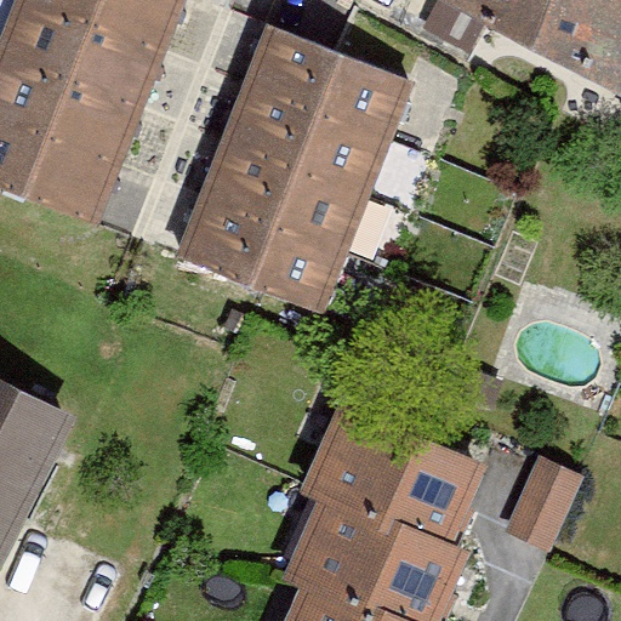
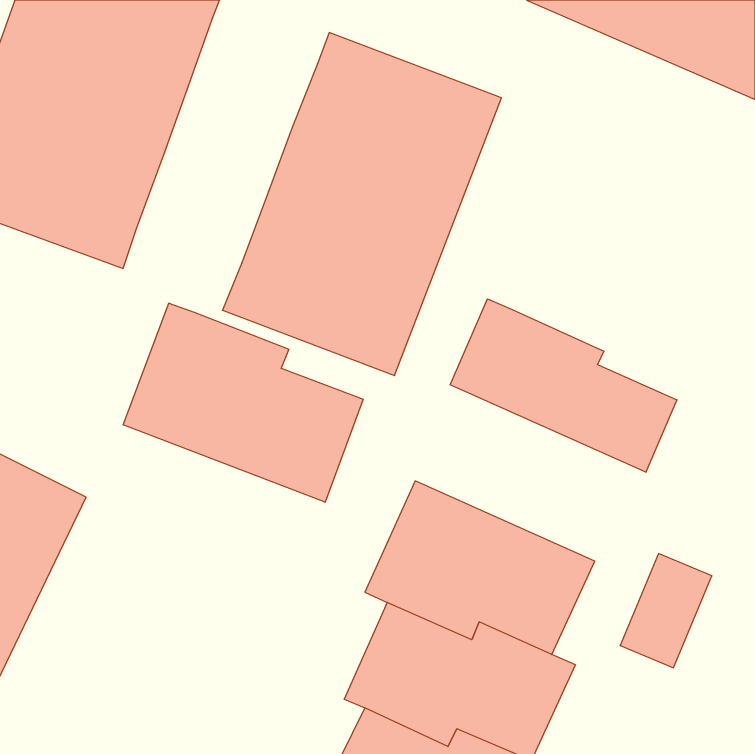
building: none -> [450,299,677,472]
building: none -> [123,303,363,502]

